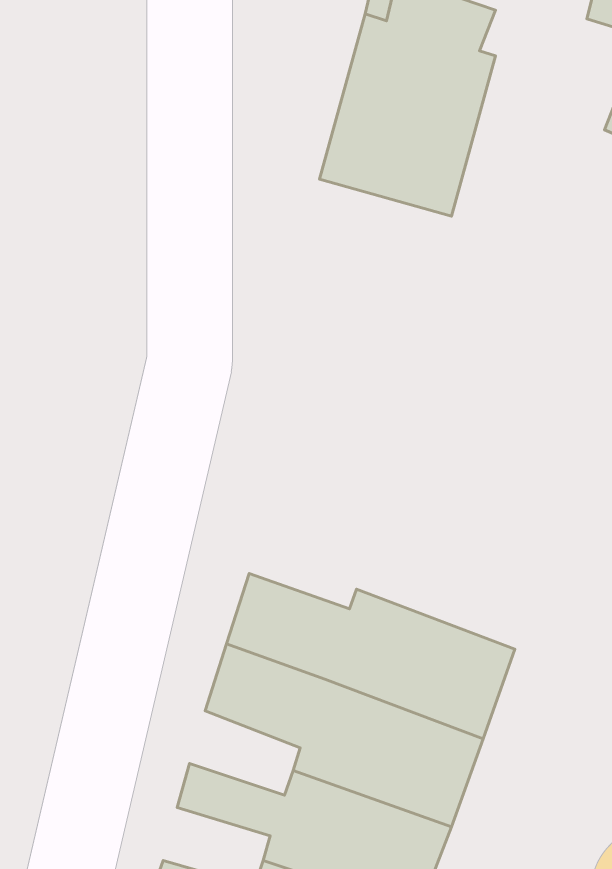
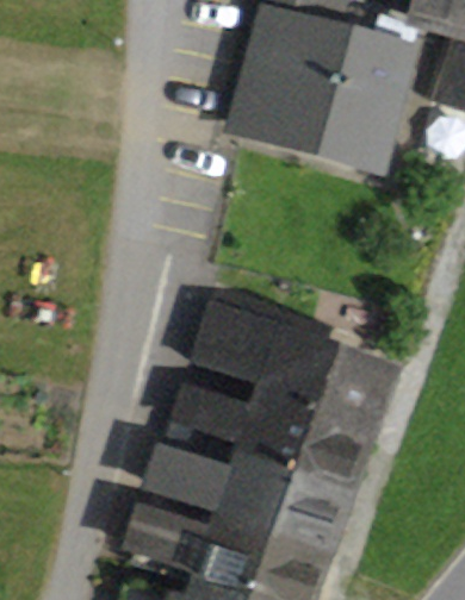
building: none -> [318,10,408,164]
building: none -> [188,311,385,442]

